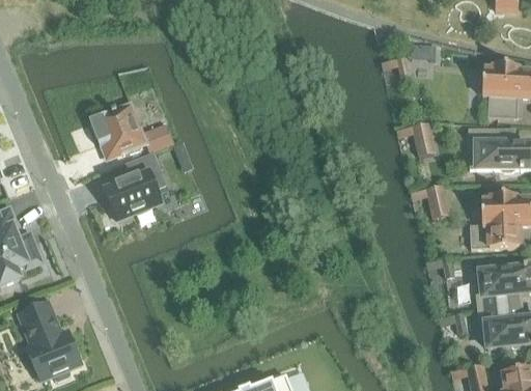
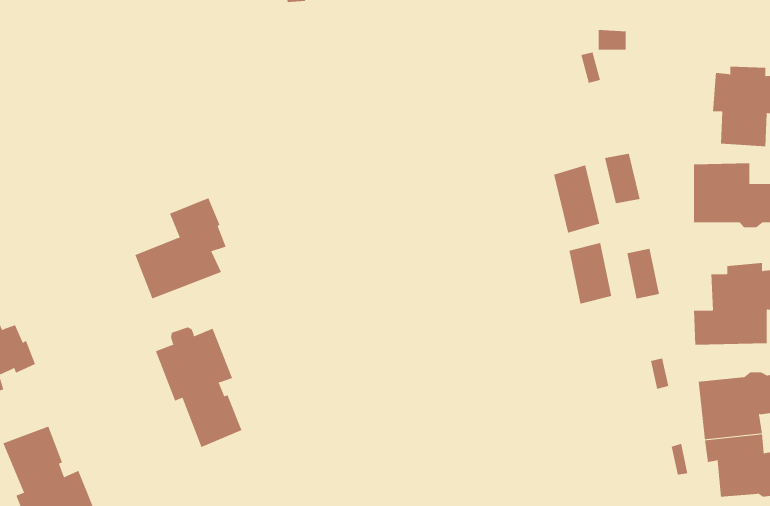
building: [90,102,169,156] -> none
building: none -> [553,165,600,234]
building: none -> [569,242,612,305]
building: none -> [155,327,242,448]

